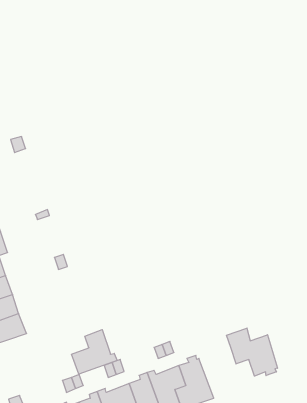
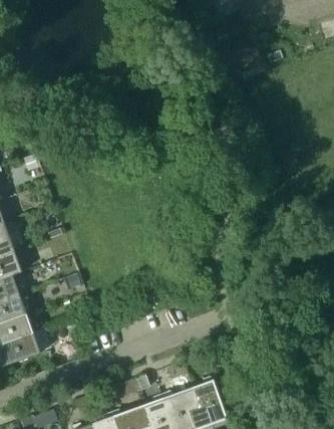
building: [226,328,277,376] -> none
building: [72,330,117,374] -> none

